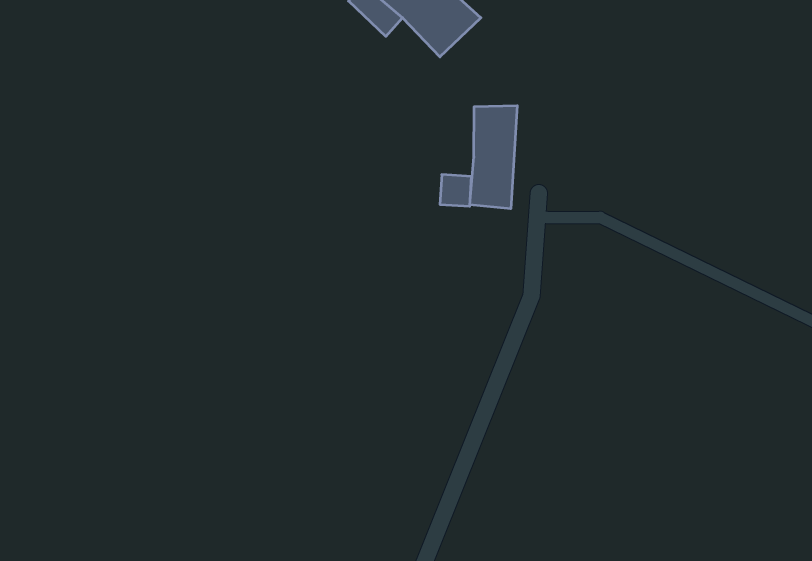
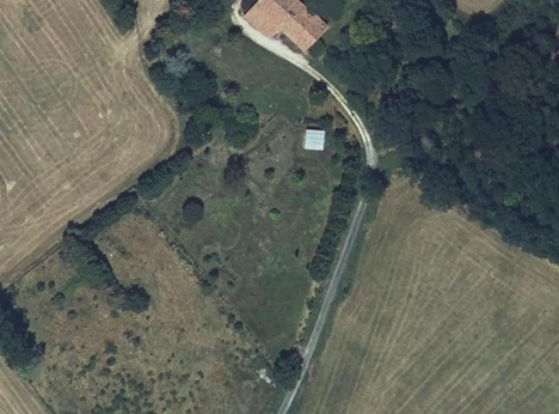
building: [470,106,517,209] -> none

